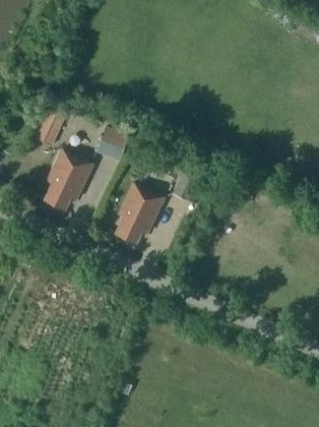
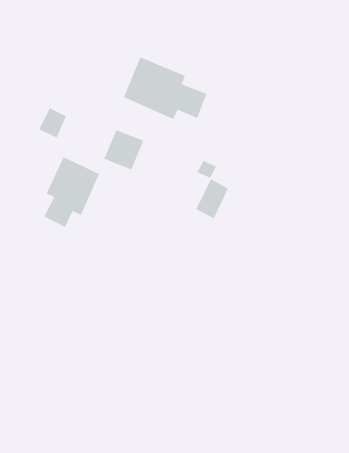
building: none -> [123,57,207,120]
building: [117,183,164,242] -> none

